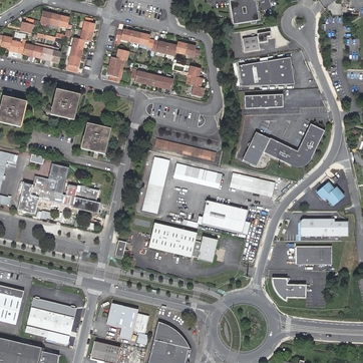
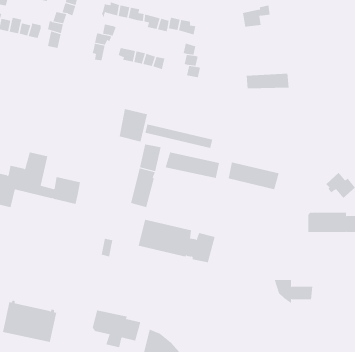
building: [239,56,296,85] -> none
building: [51,89,77,119] -> none
building: [82,123,108,153] -> [119,109,148,142]
building: [238,123,324,166] -> none
building: [201,201,250,236] -> none
building: [295,246,331,264] -> none

